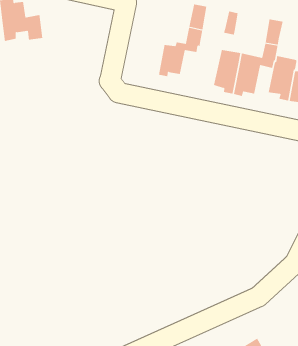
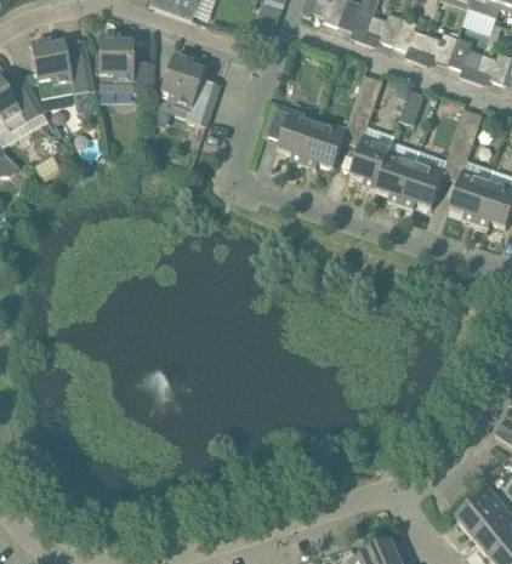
building: none -> [155,53,218,125]
building: none -> [262,102,315,164]
building: none -> [348,125,393,188]

